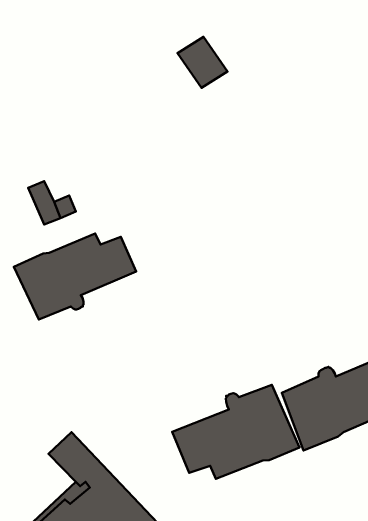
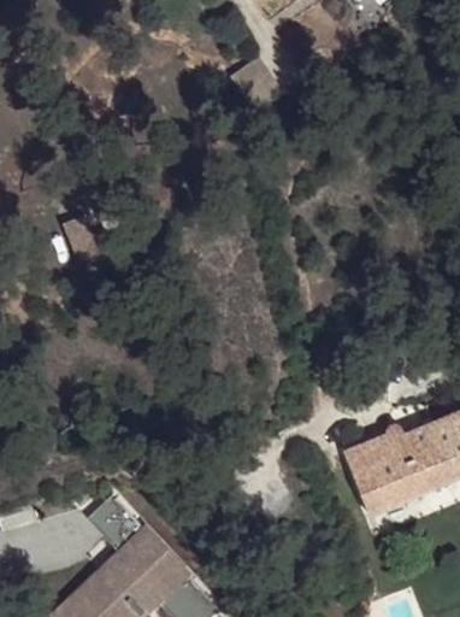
building: [14,233,136,320] -> none
building: [172,385,299,479] -> none

